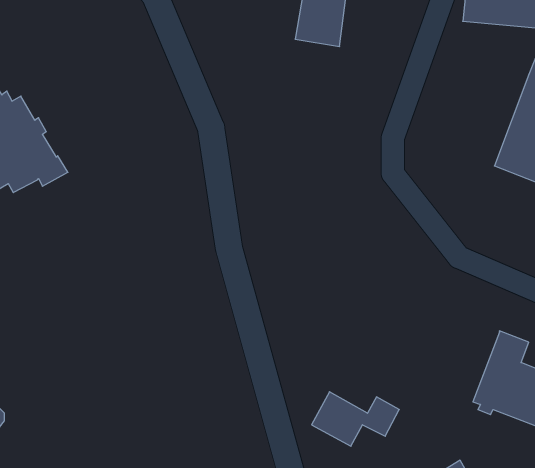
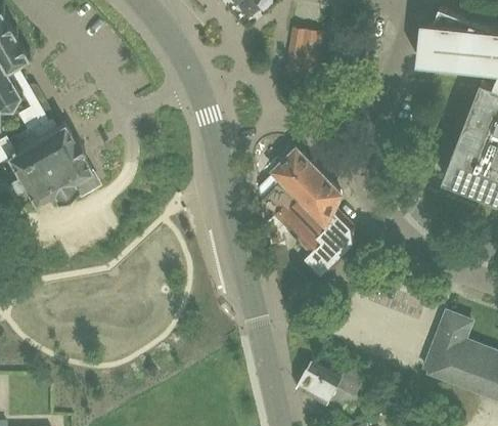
building: none -> [262,147,354,273]

